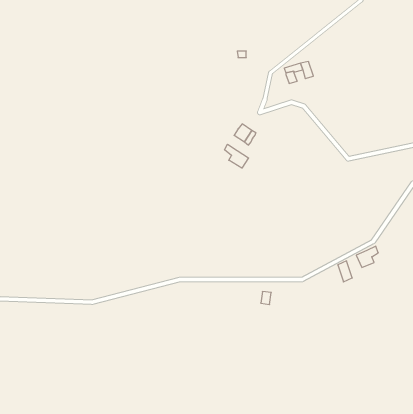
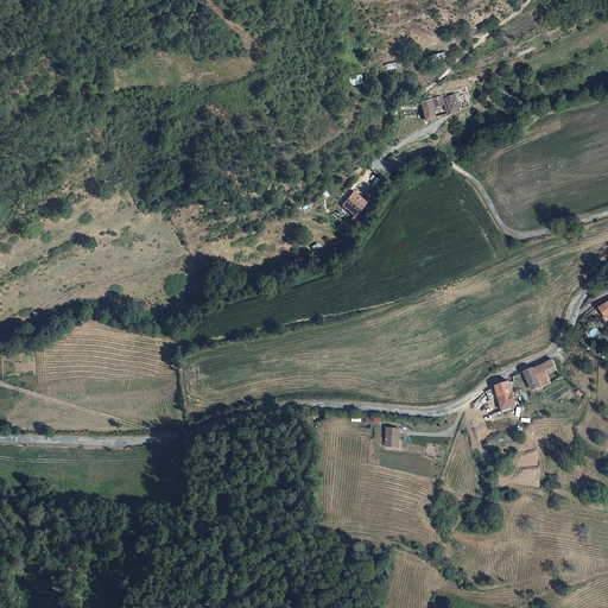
building: [225,144,249,168] -> none

